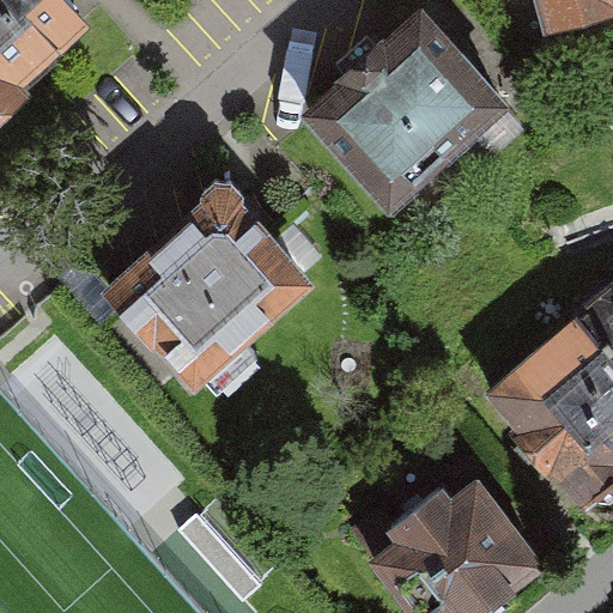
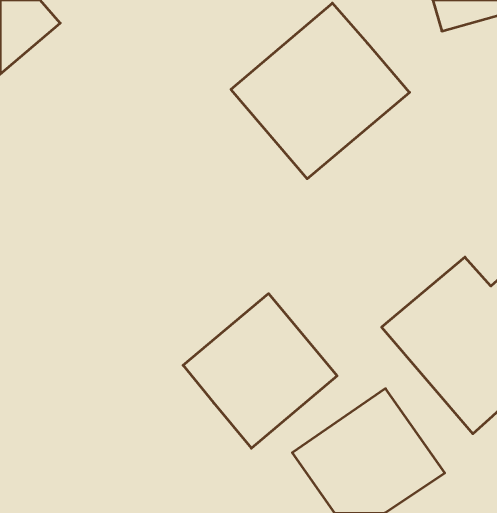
building: [89,180,311,397] -> none
building: none -> [183,294,337,448]

